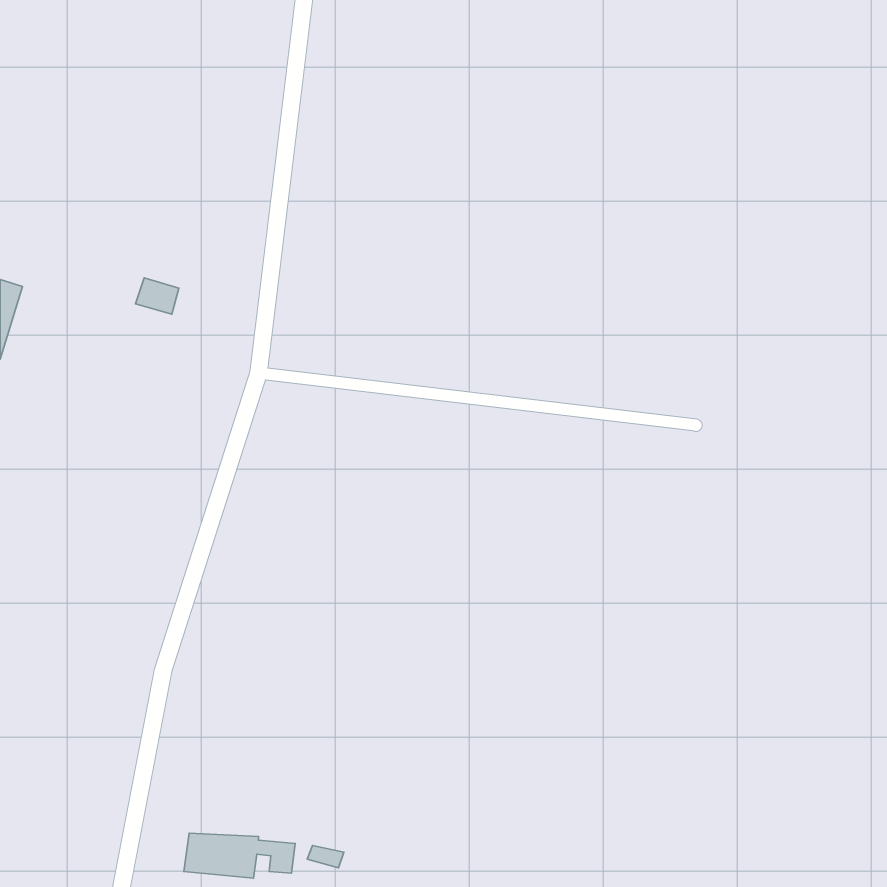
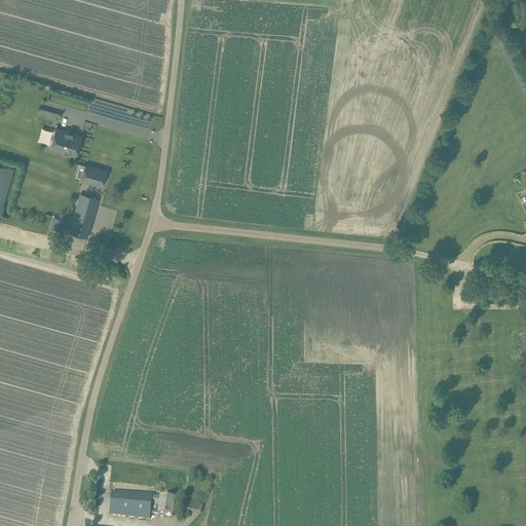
building: none -> [49,128,80,155]
building: none -> [69,194,98,237]

